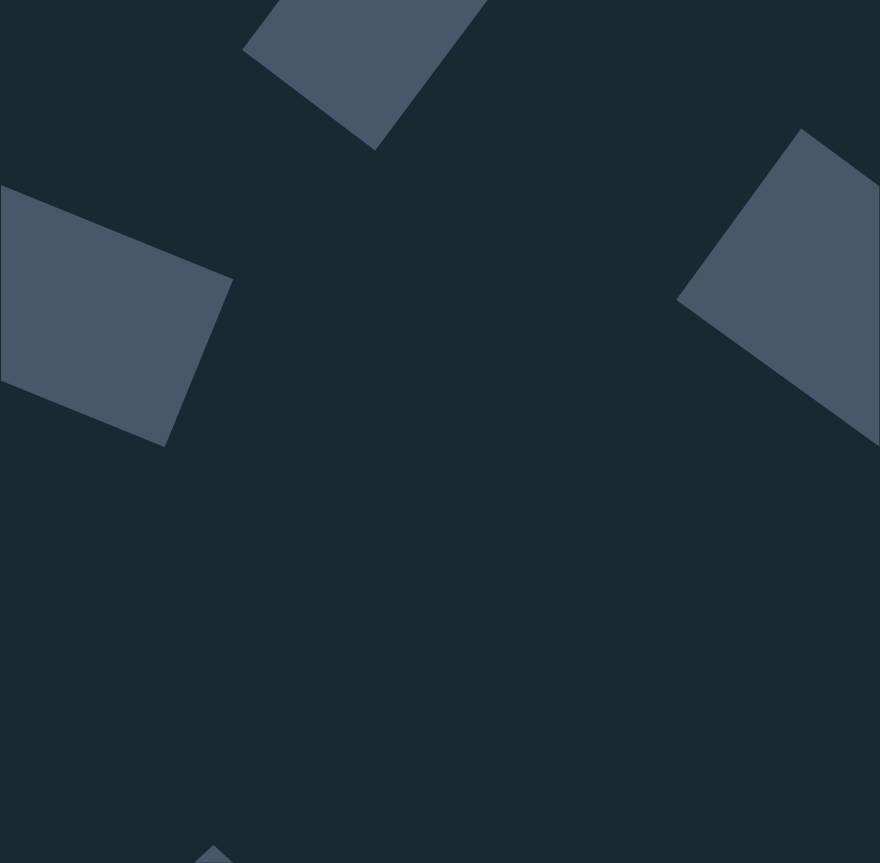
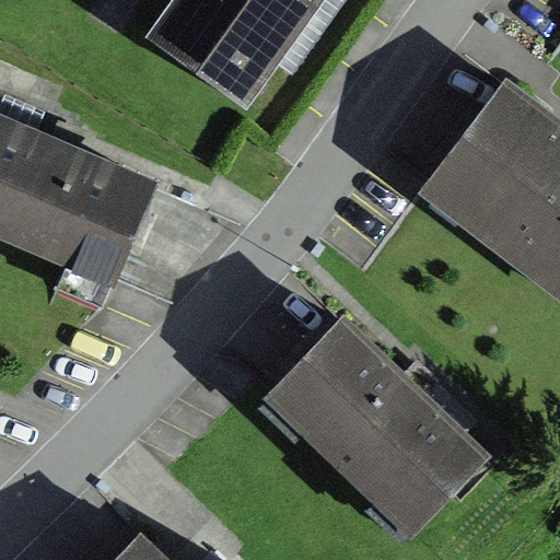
building: none -> [258,320,477,538]

